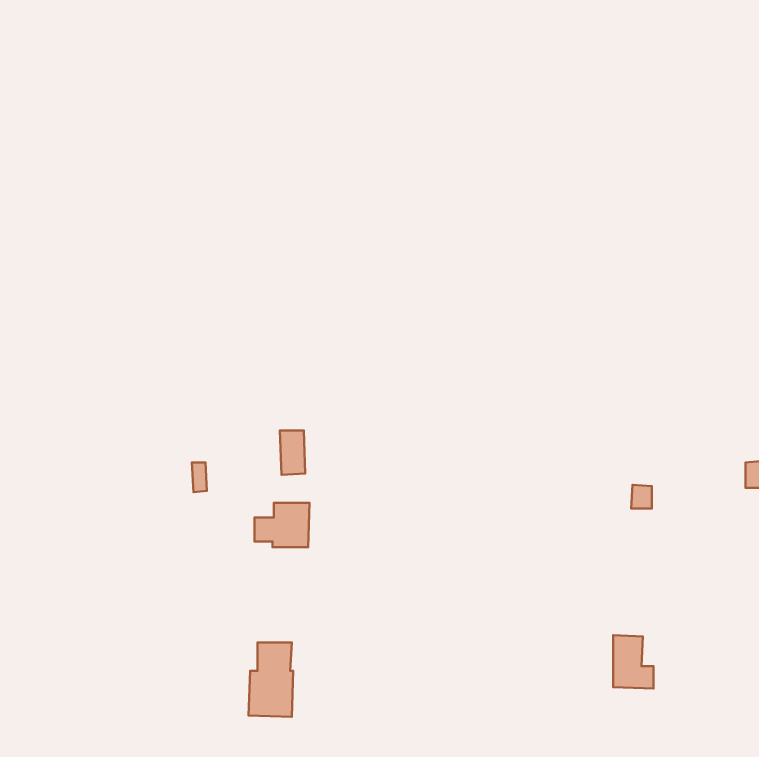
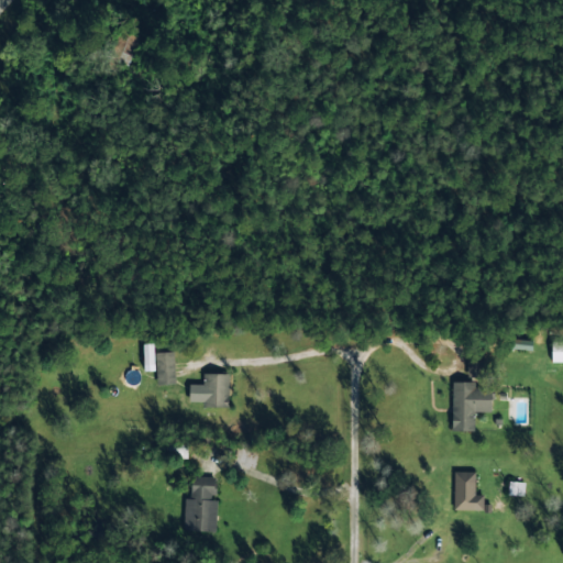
building: [280,430,305,475] -> [156,353,175,386]
building: none -> [452,383,493,431]

